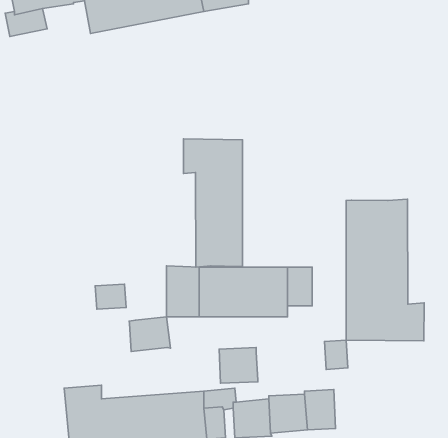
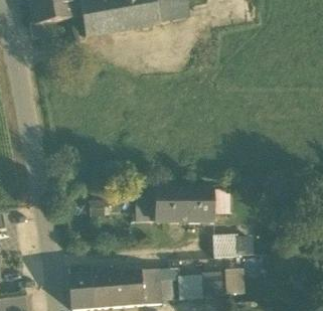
building: [183,139,242,267] -> none
building: [346,199,424,341] -> none
building: [129,317,171,351] -> none
building: [219,348,258,383] -> [213,234,238,257]

